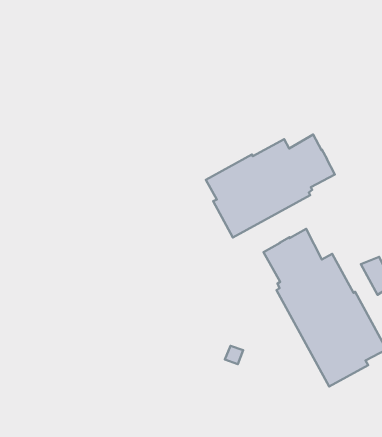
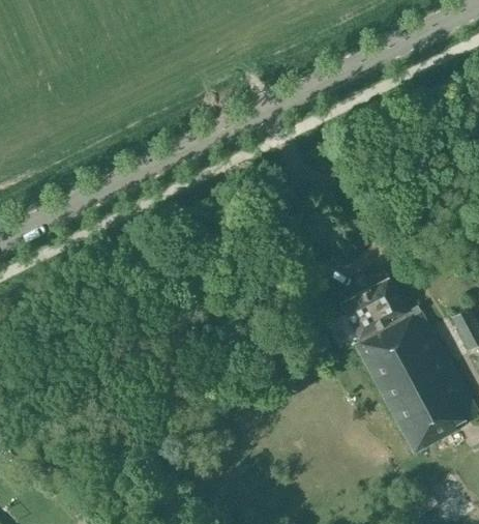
building: [206,135,335,238] -> none

